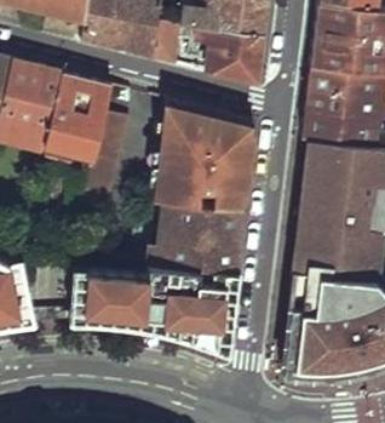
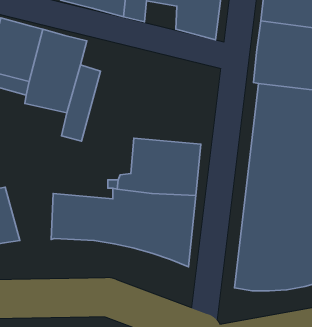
building: [151,103,252,208] -> none

